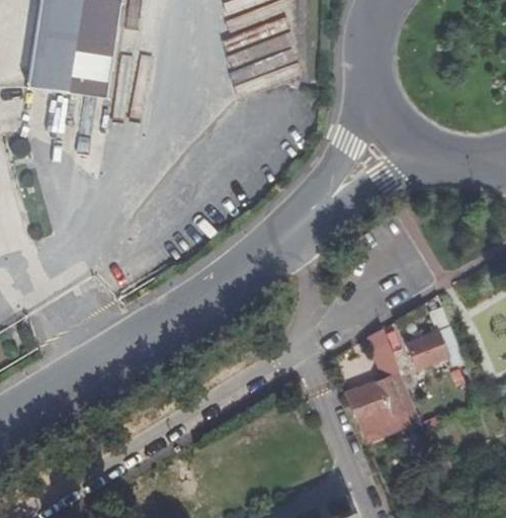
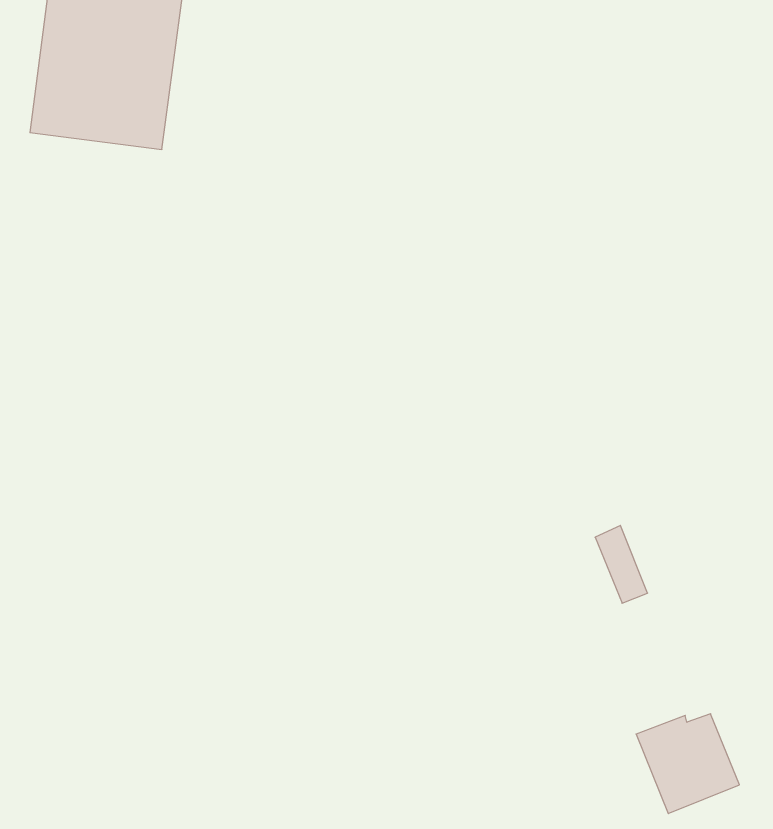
building: [407,323,463,365] -> none
building: [346,376,408,436] -> [636,714,739,814]

